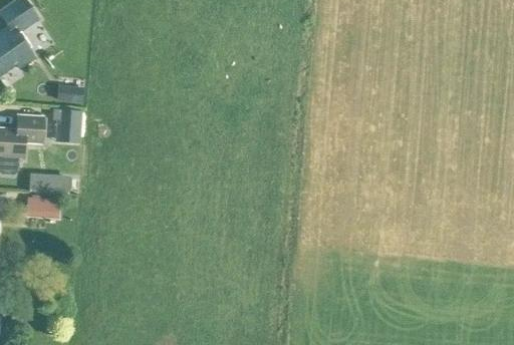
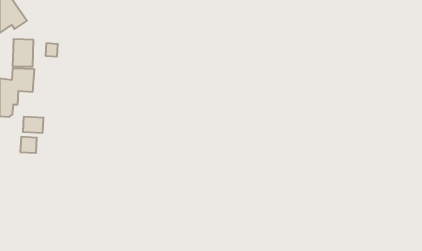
building: [57,107,82,140] -> [13,39,34,67]

